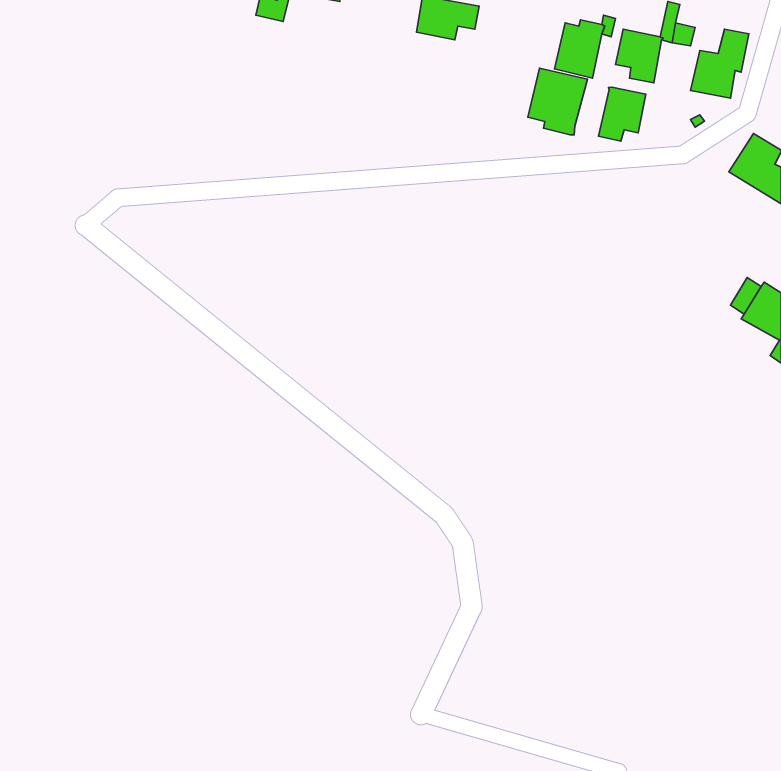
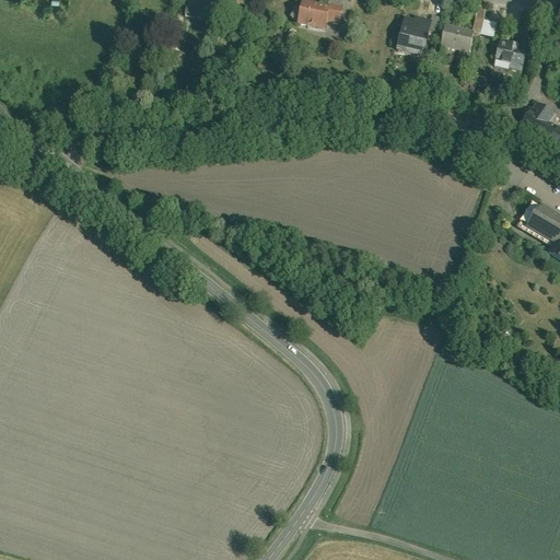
building: [528,68,587,135] -> none
building: [598,87,646,141] -> none

